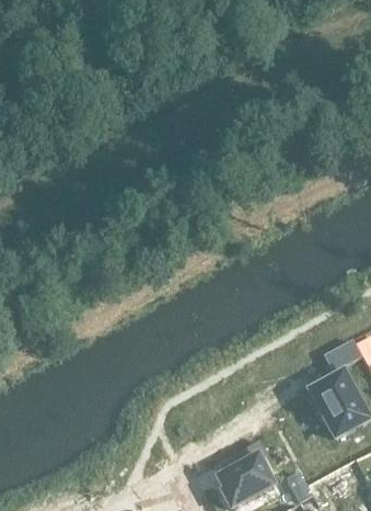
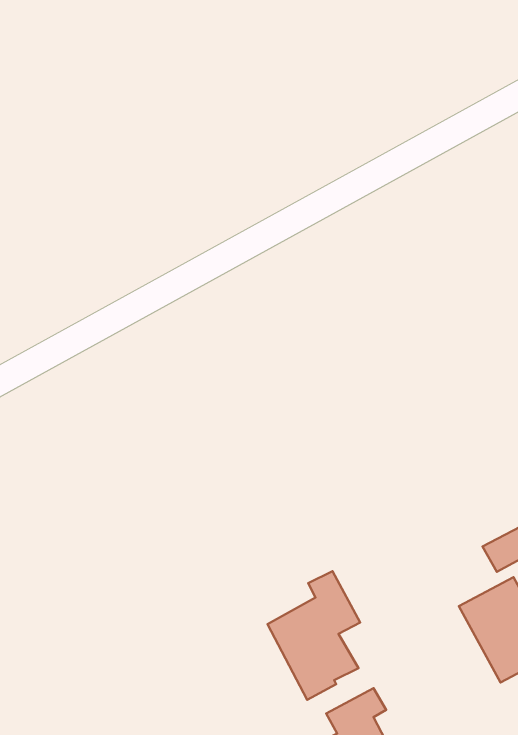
building: none -> [267,571,360,700]

